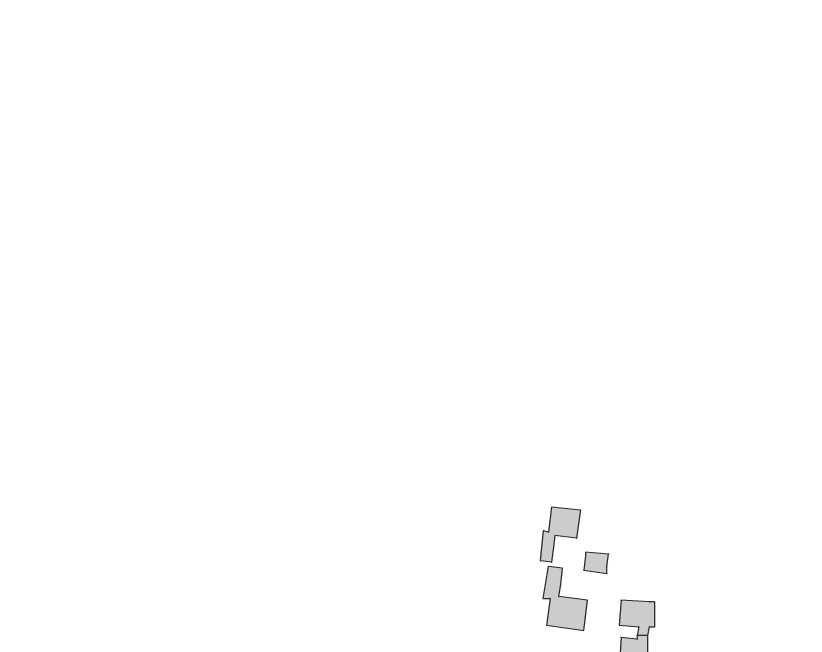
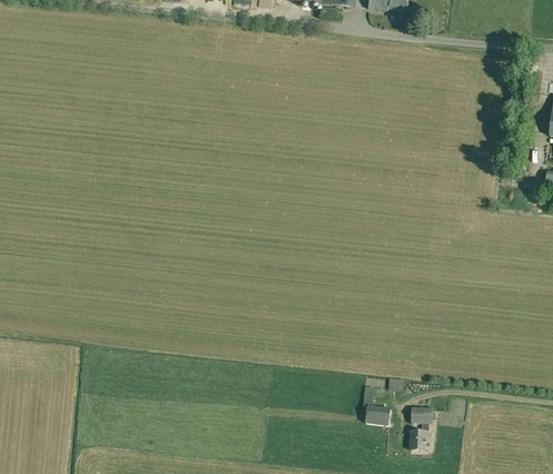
building: [541,507,580,562] -> none

